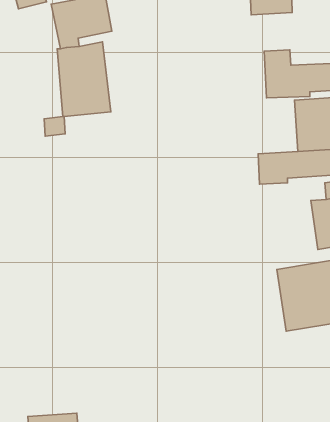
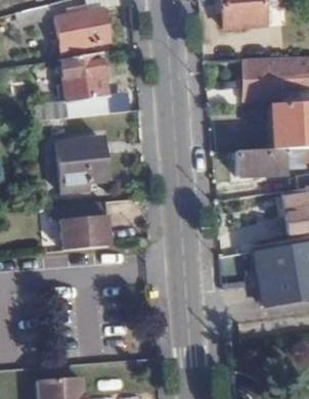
building: none -> [55,139,104,190]
building: none -> [54,202,108,251]

